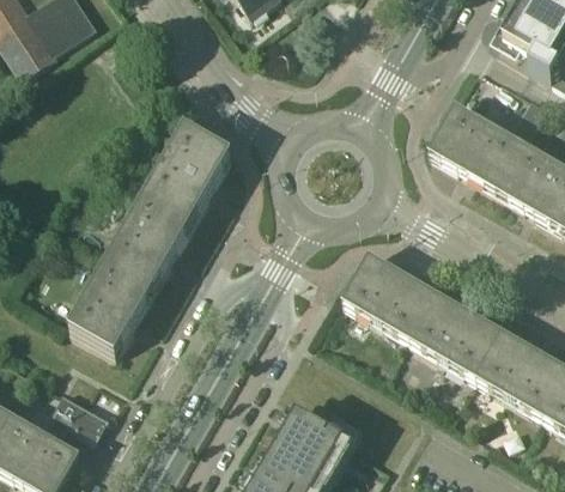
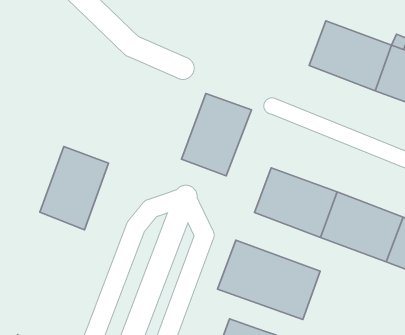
building: [147,127,232,220] -> [181,93,251,176]
building: [69,261,154,356] -> none
building: none -> [218,240,320,319]

